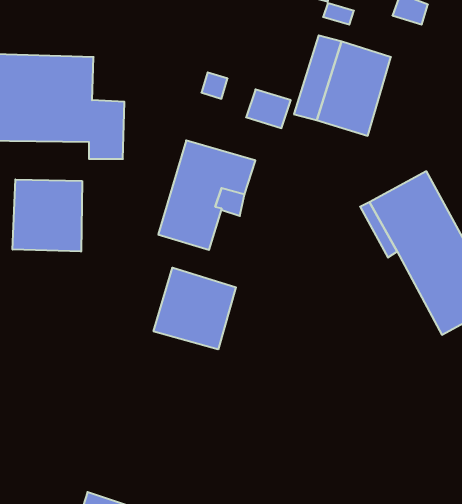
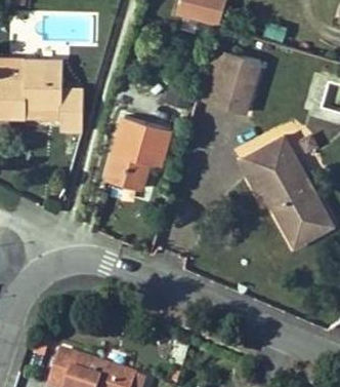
building: [13,179,82,252] -> none
building: [154,268,236,349] -> none

